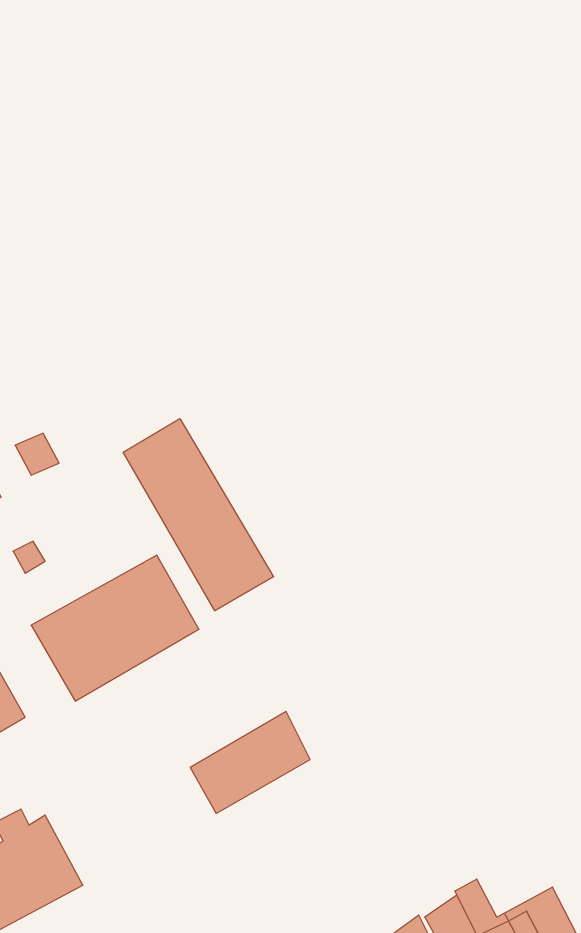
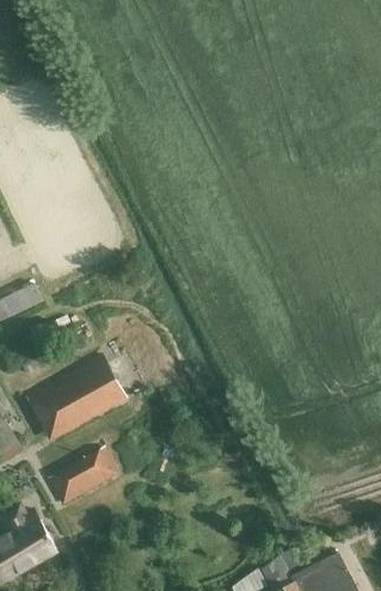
building: [123,419,274,611] -> none
building: [190,711,310,813] -> [45,445,117,506]

